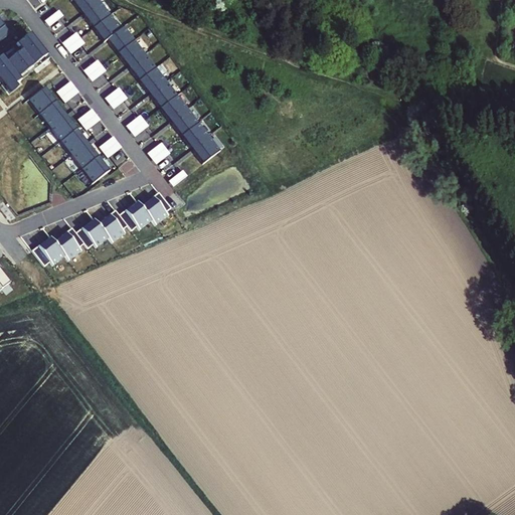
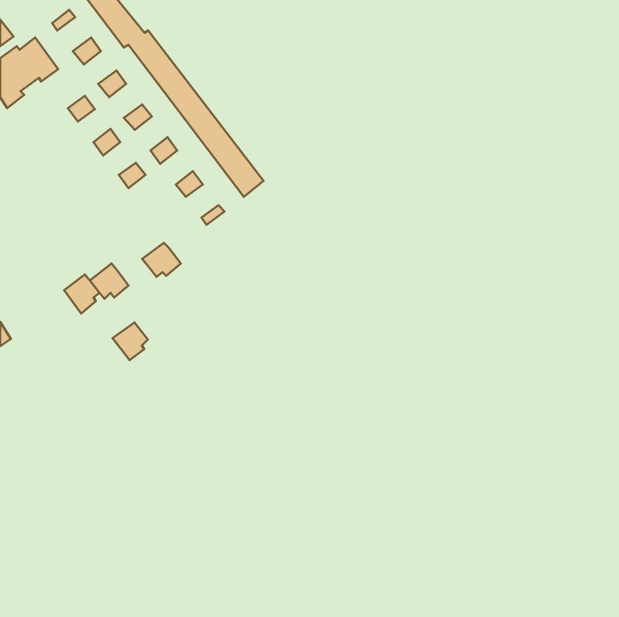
building: [28,85,110,182] -> none
building: [141,192,170,224] -> none
building: [98,210,127,241] -> [113,322,148,360]
building: [32,236,64,265] -> none

